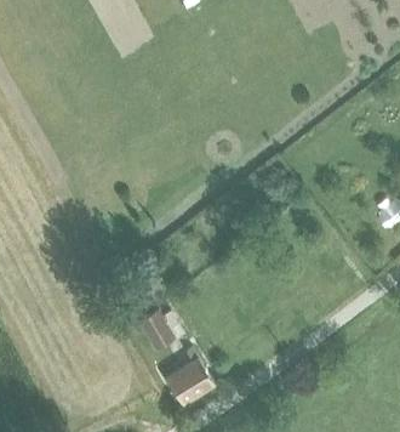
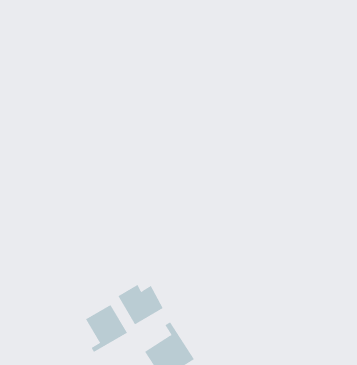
building: none -> [85,304,128,353]

